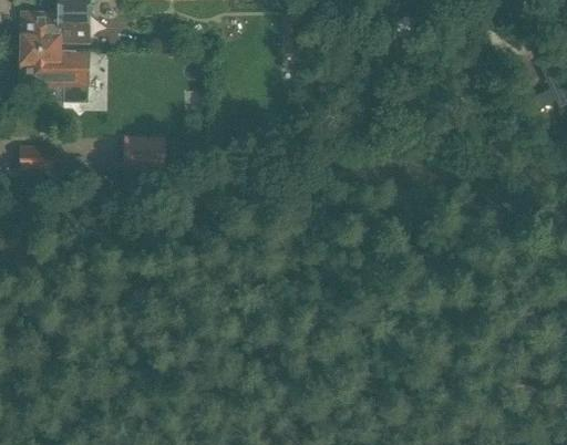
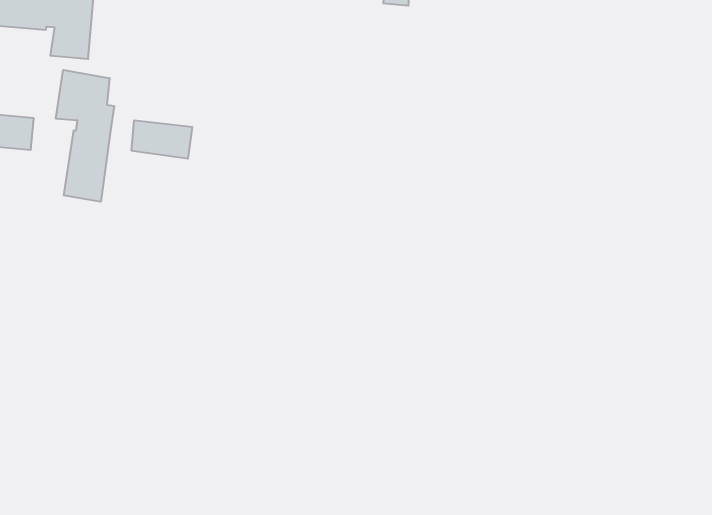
building: none -> [56,70,114,202]

